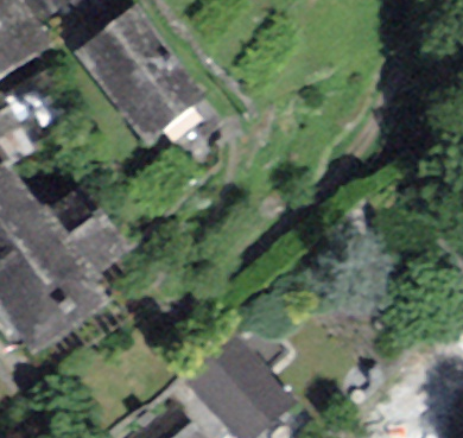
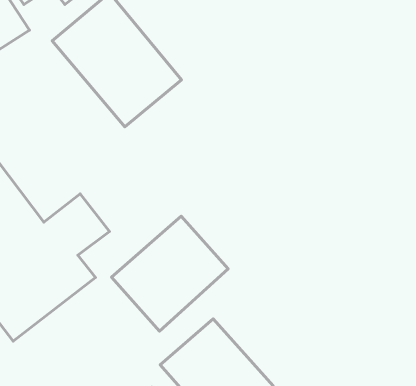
building: none -> [112,216,228,331]

